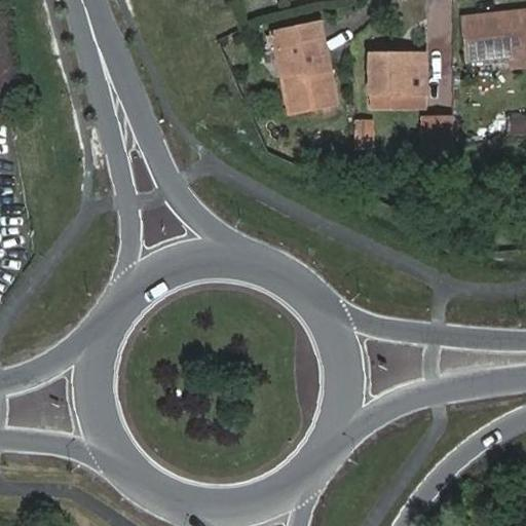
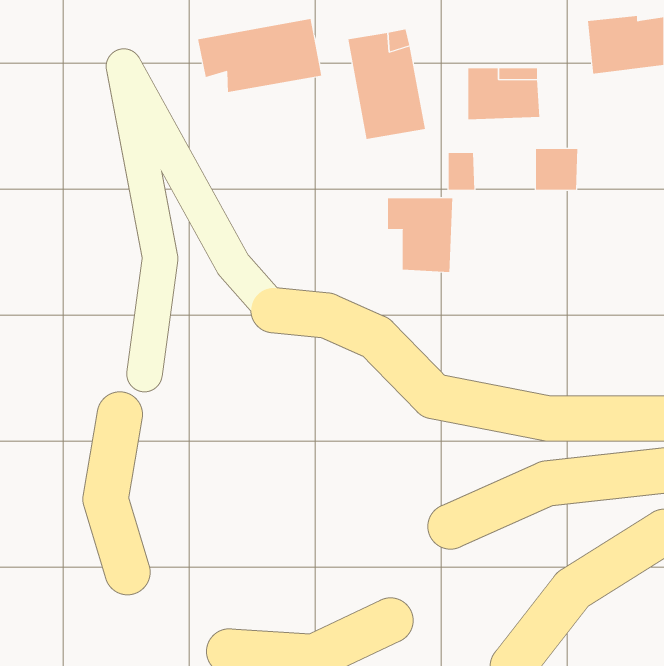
building: none -> [198,18,322,93]
building: none -> [388,197,453,273]

